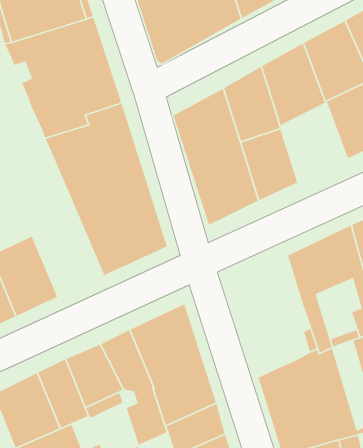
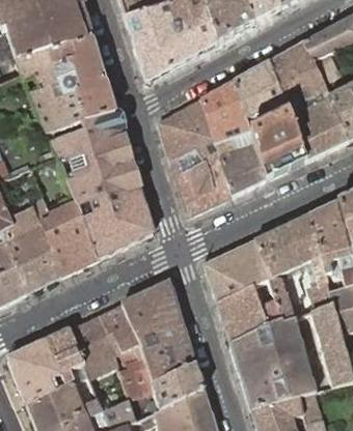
building: none -> [249,111,306,178]
building: none -> [31,194,101,275]
building: none -> [205,239,268,342]

